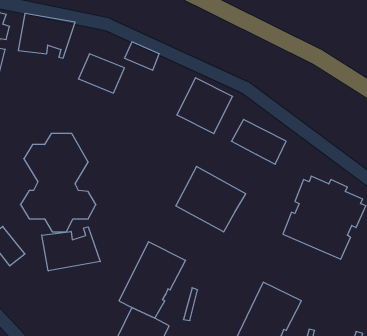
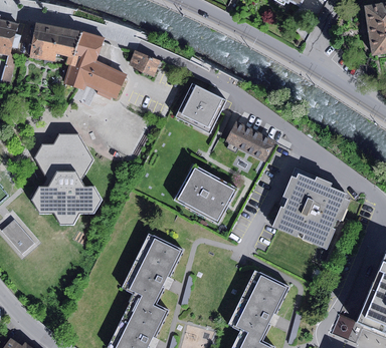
building: none -> [64,31,105,88]
building: [42,227,100,271] -> none

